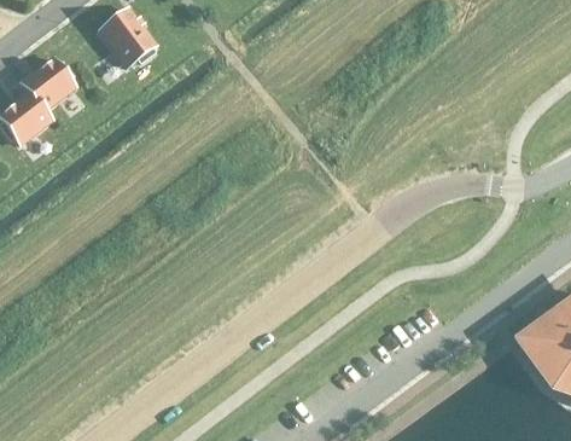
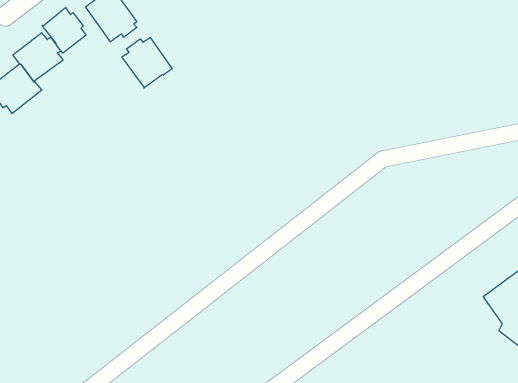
building: none -> [42,8,86,53]
building: none -> [122,37,172,88]

